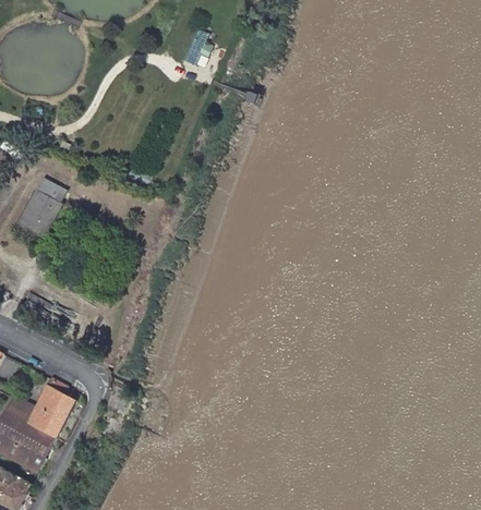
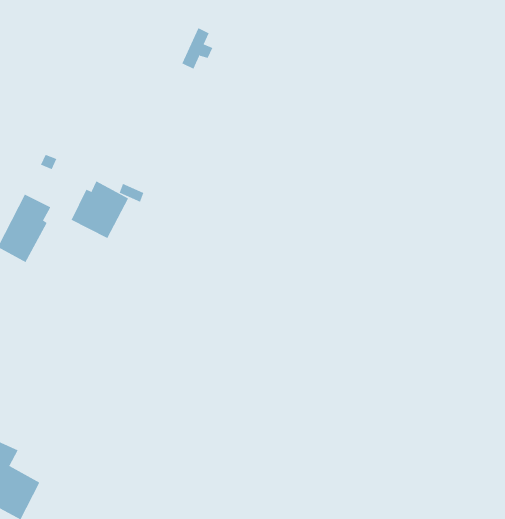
building: none -> [71,181,129,239]
building: [27,378,74,438] -> none

